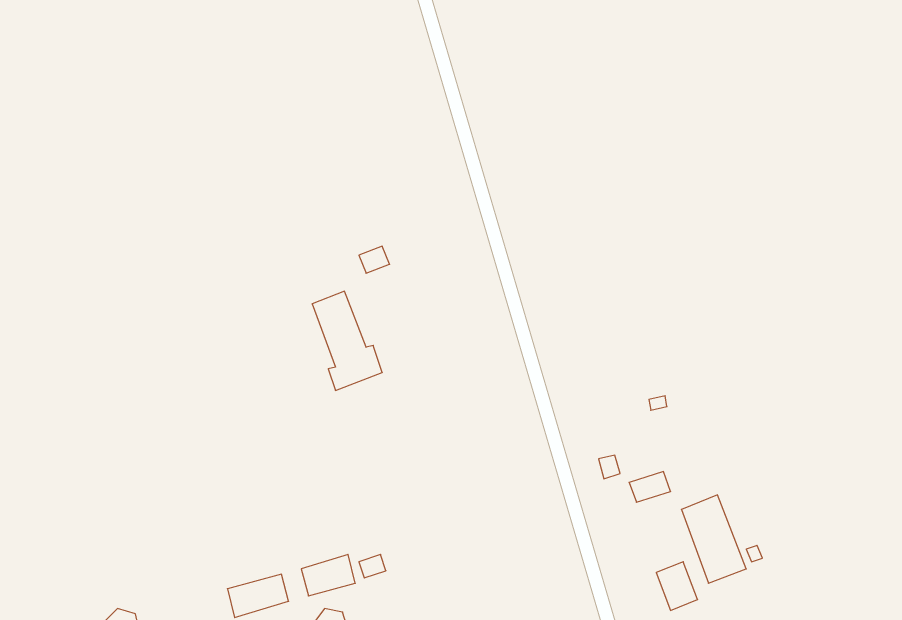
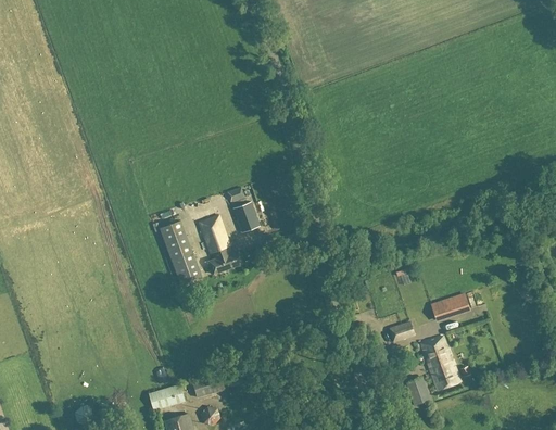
building: none -> [232,200,260,231]
building: none -> [159,218,200,281]
building: none -> [433,292,473,320]

